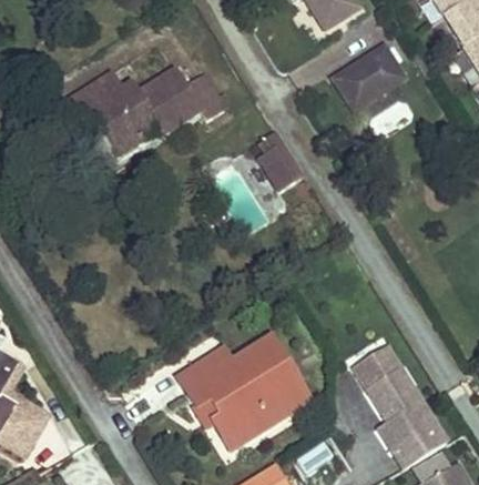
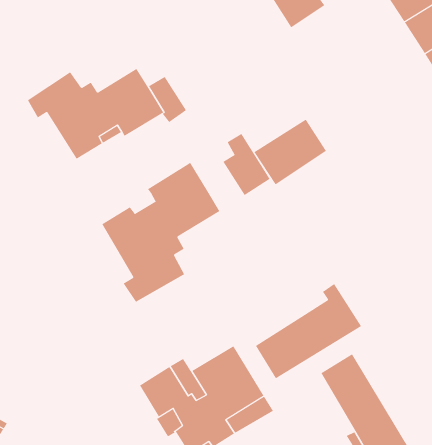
building: [334,46,405,110] -> [254,119,327,185]
building: none -> [101,162,220,303]
building: none -> [255,283,362,379]

